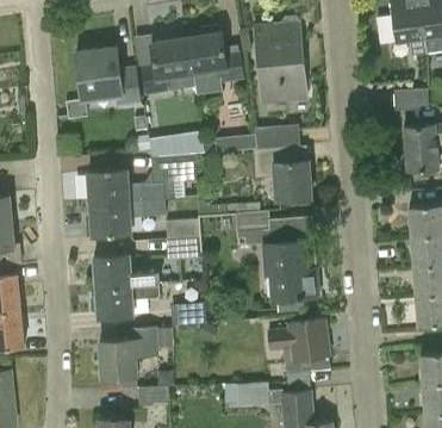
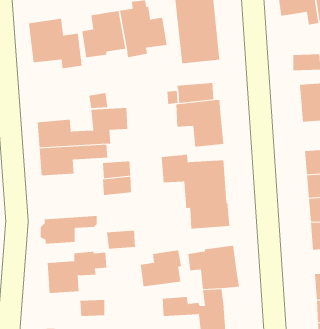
building: [92,254,158,289] -> none
building: none -> [140,250,182,287]

